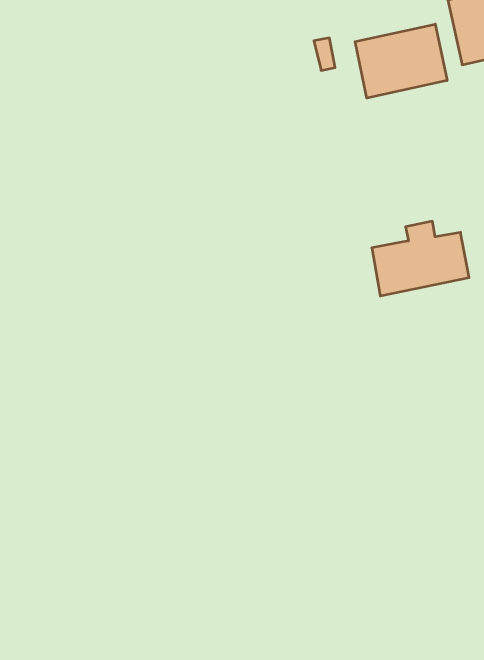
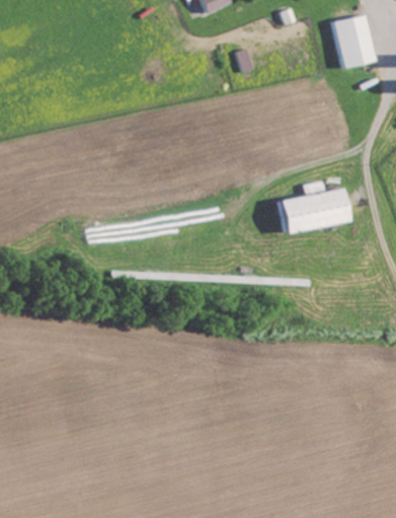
building: [355,24,447,98] -> none

